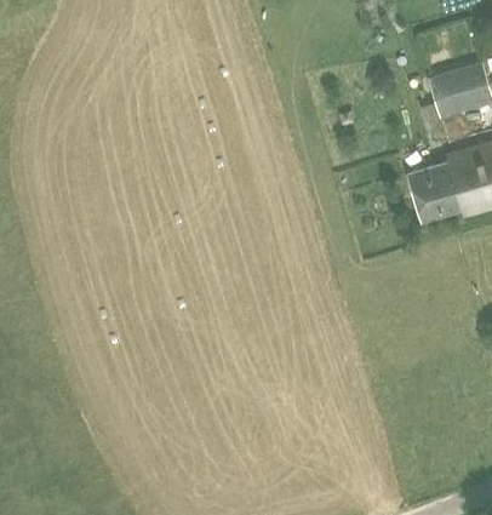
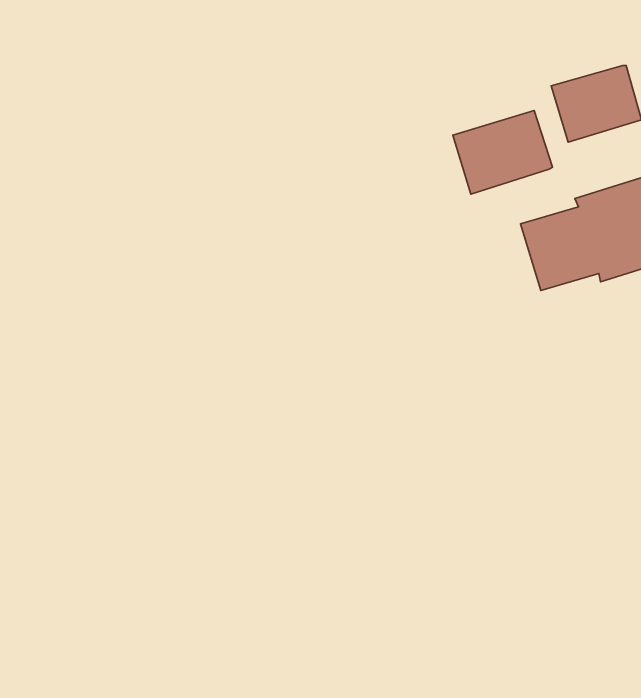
building: none -> [453,110,552,194]

